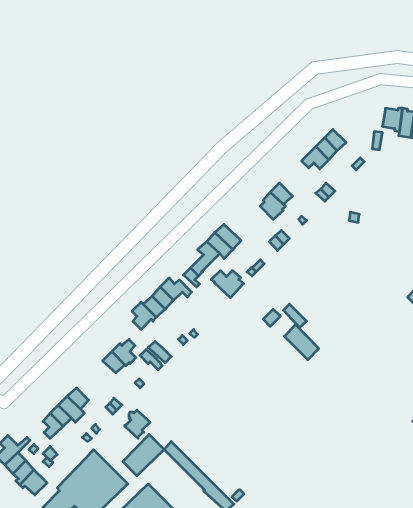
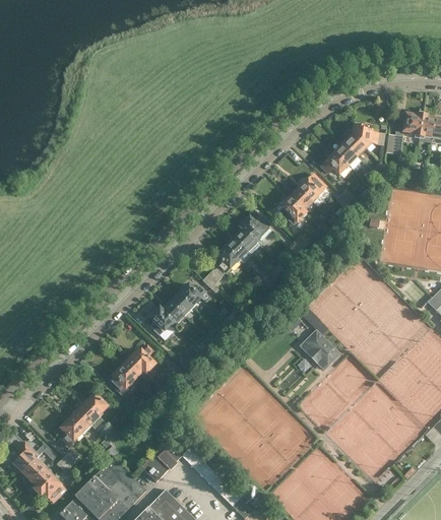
building: none -> [353,124,385,147]
building: none -> [299,174,326,201]
building: [211,271,244,298] -> [240,217,272,245]
building: [125,410,150,438] -> [109,367,134,395]

